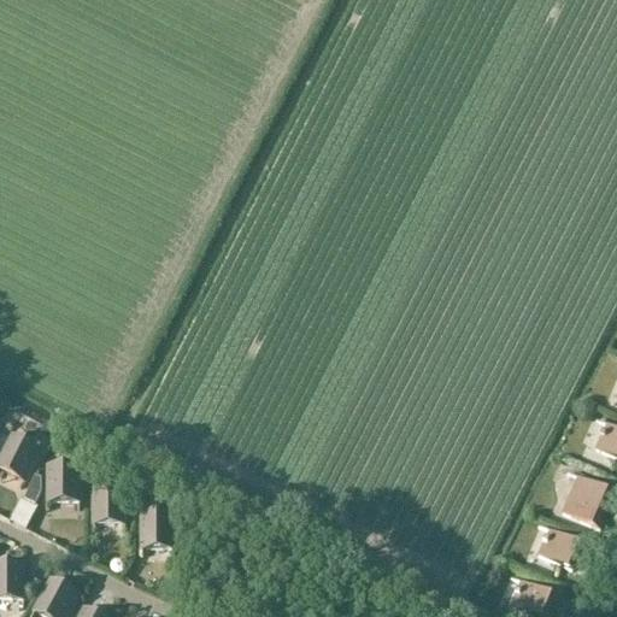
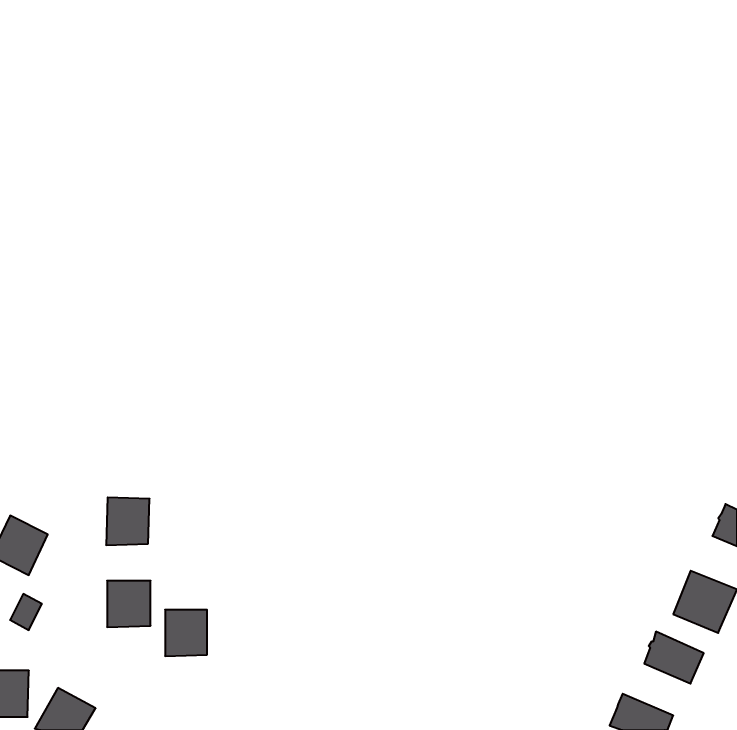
building: [43,459,80,499] -> [106,497,150,545]

